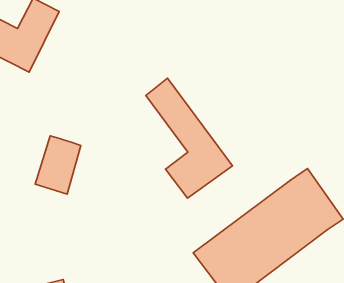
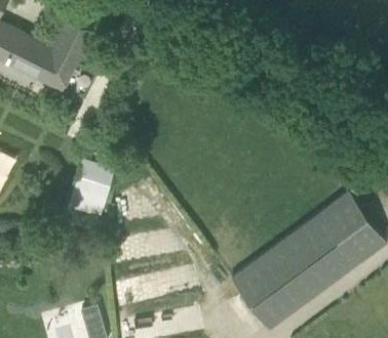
building: [146,78,233,198] -> none

